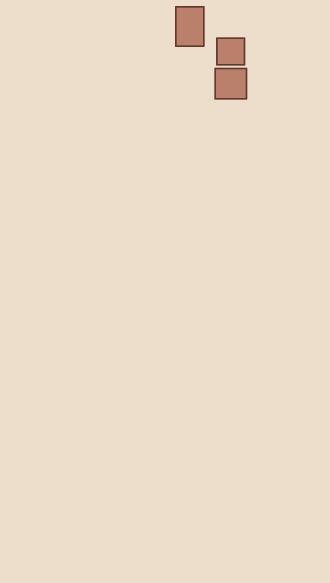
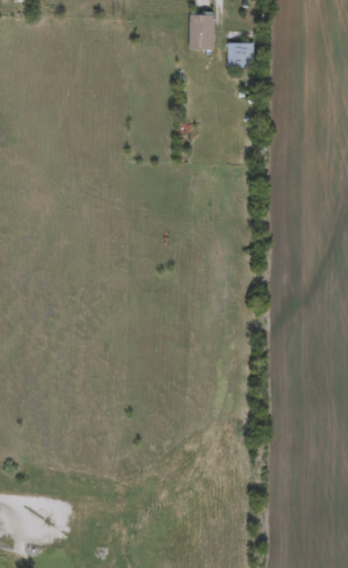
building: [215,69,246,99] -> none

